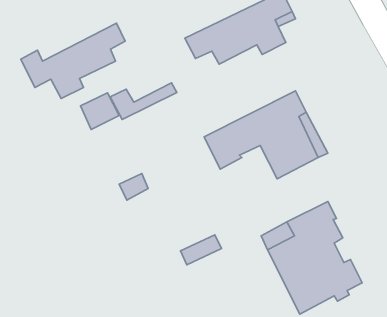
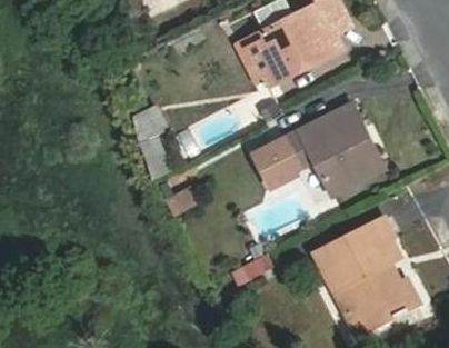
building: [21,23,125,99] -> none
building: [110,83,177,119] -> [247,54,316,92]

